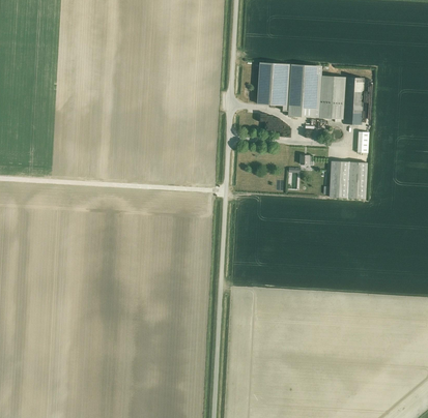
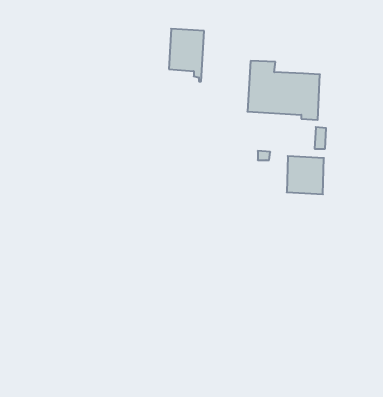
building: [257,62,292,115] -> [169,29,204,81]

